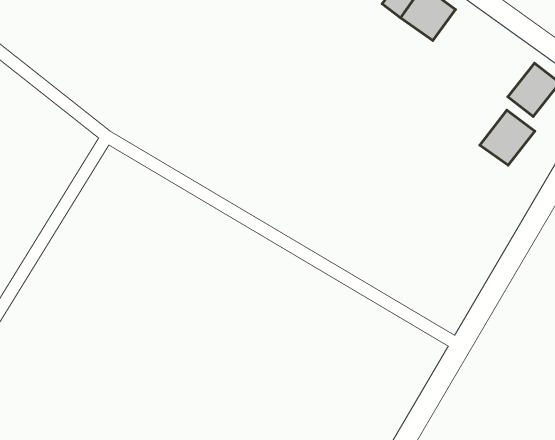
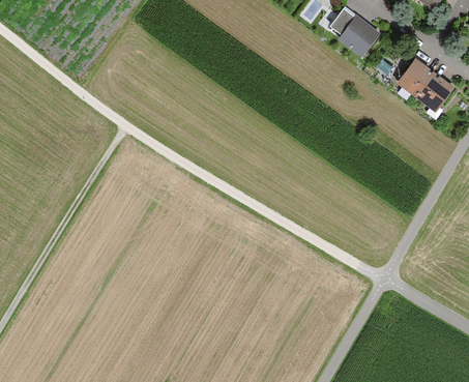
building: [480,110,535,165] -> [398,56,438,96]

